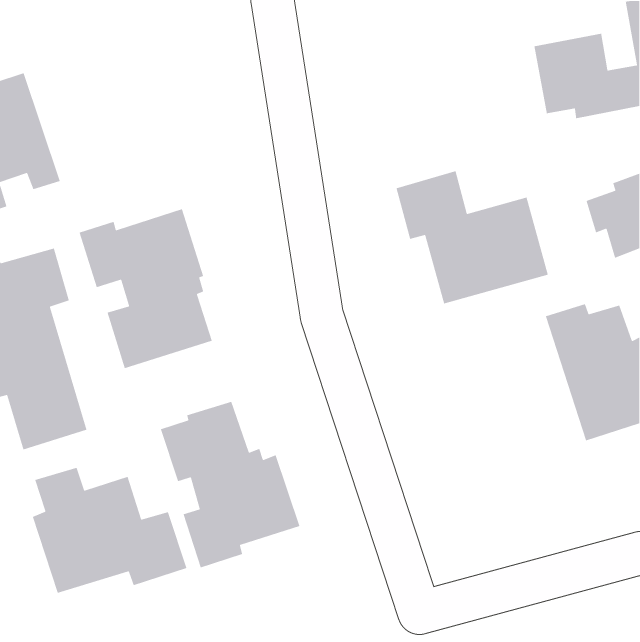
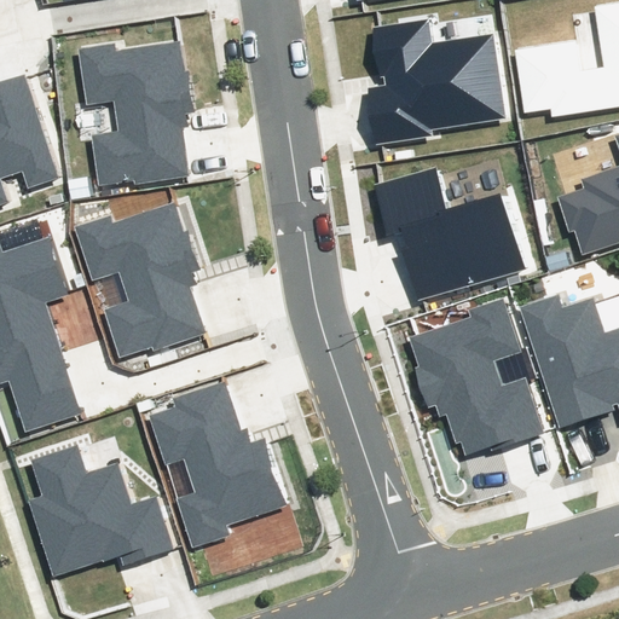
building: none -> [366,22,507,147]
building: none -> [80,42,191,184]
building: none -> [411,297,549,452]

